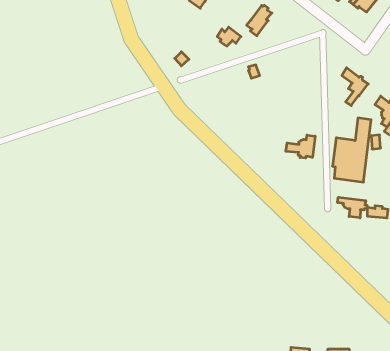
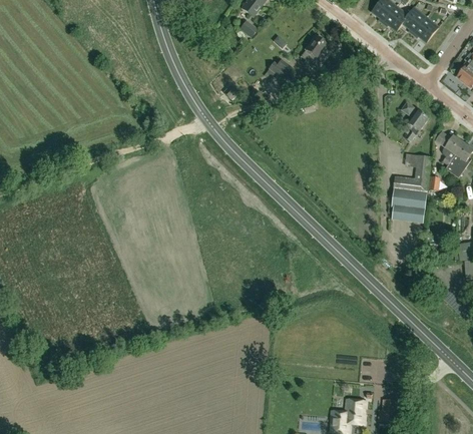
building: [286,135,315,158] -> none
building: [338,197,367,218] -> none

